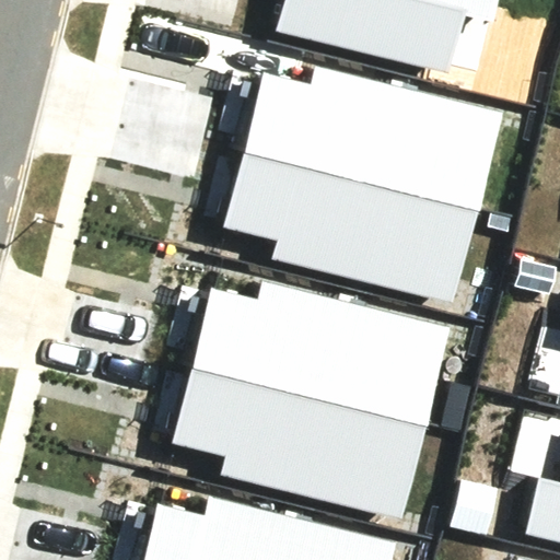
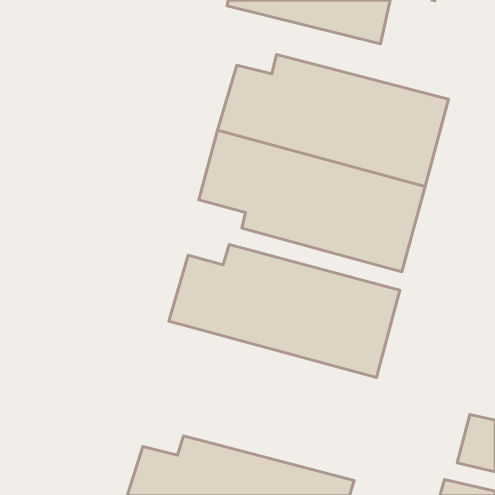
building: [170,363,424,523] -> none

